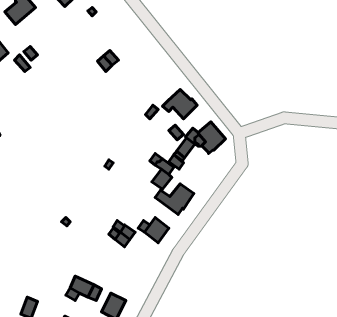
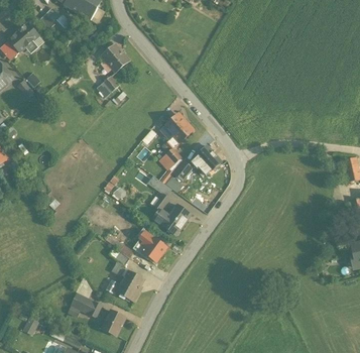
building: none -> [102,44,129,73]
building: none -> [115,270,144,301]

